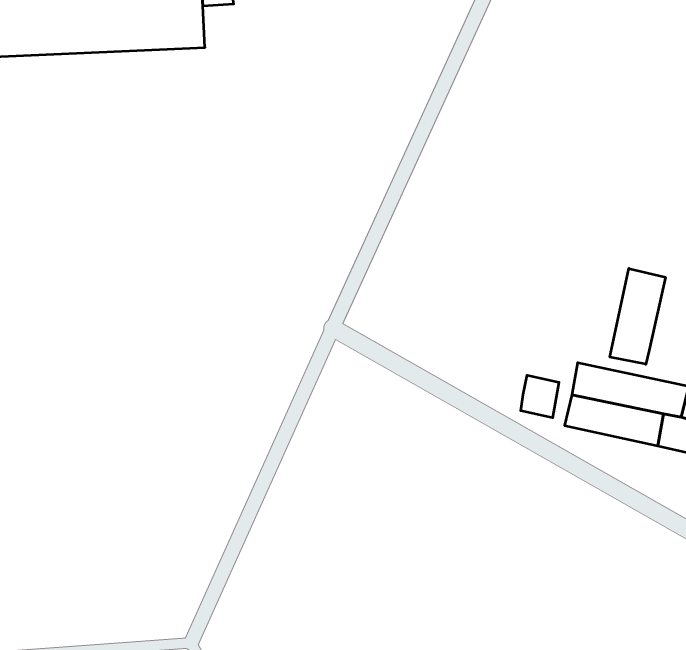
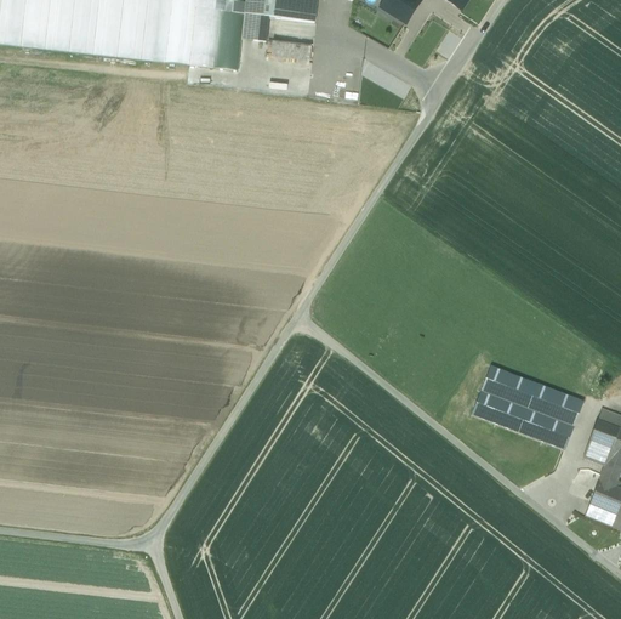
building: [610,268,665,364] -> none
building: [521,375,559,418] -> none

